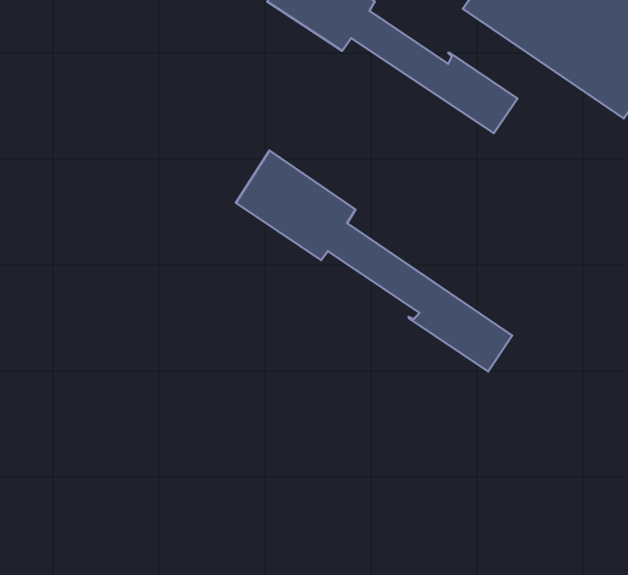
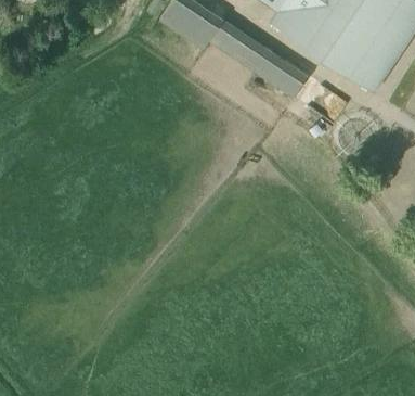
building: [236,150,512,371] -> none

